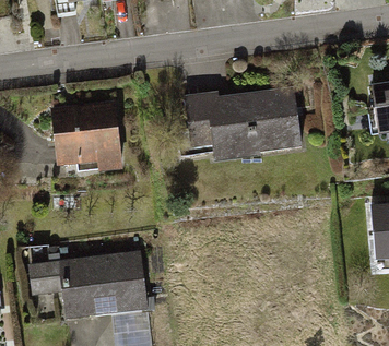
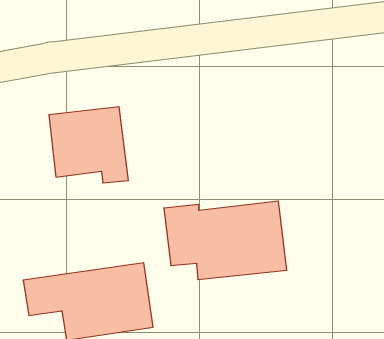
building: [186,88,300,162] -> [164,201,287,280]

